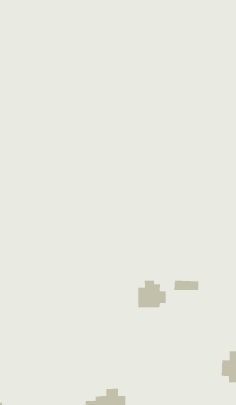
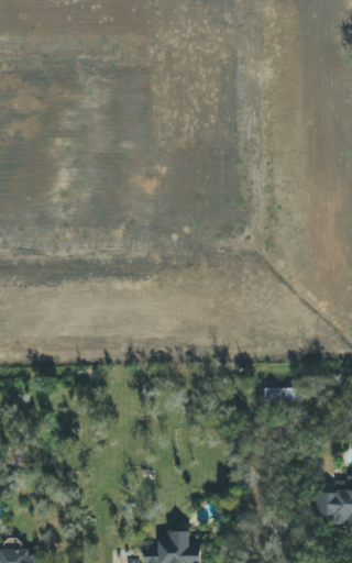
building: [137,280,167,308] -> none

